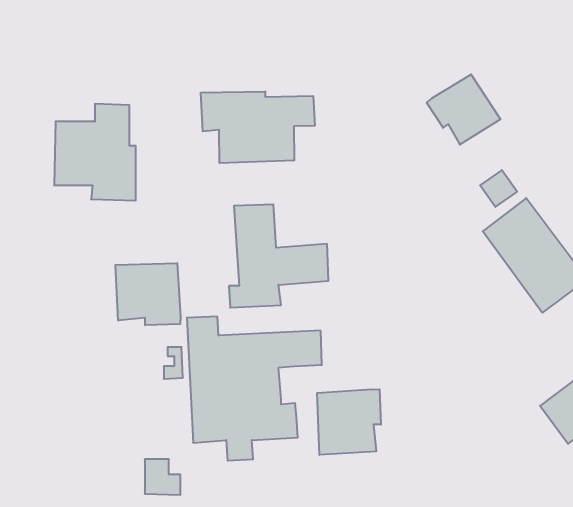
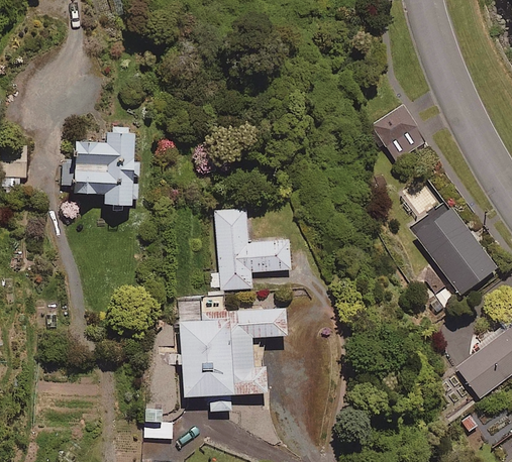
building: [201,91,315,163] -> none
building: [115,263,180,325] -> none
building: [317,389,381,455] -> none

